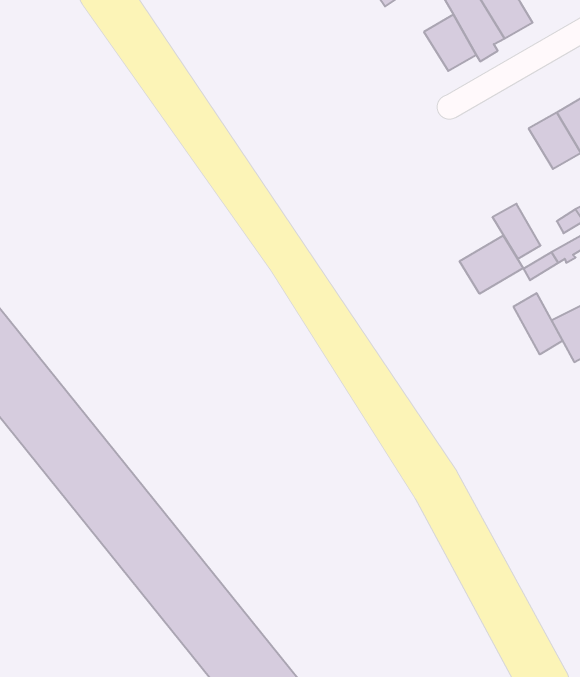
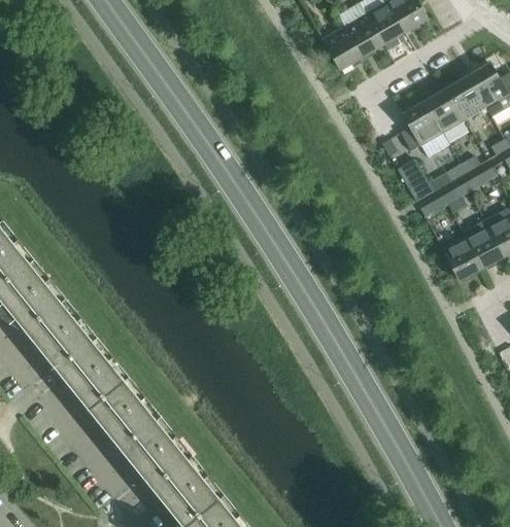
building: none -> [321,29,362,72]
building: none -> [399,103,442,152]
building: [460,236,523,294] -> none
building: [514,293,563,354] -> none

